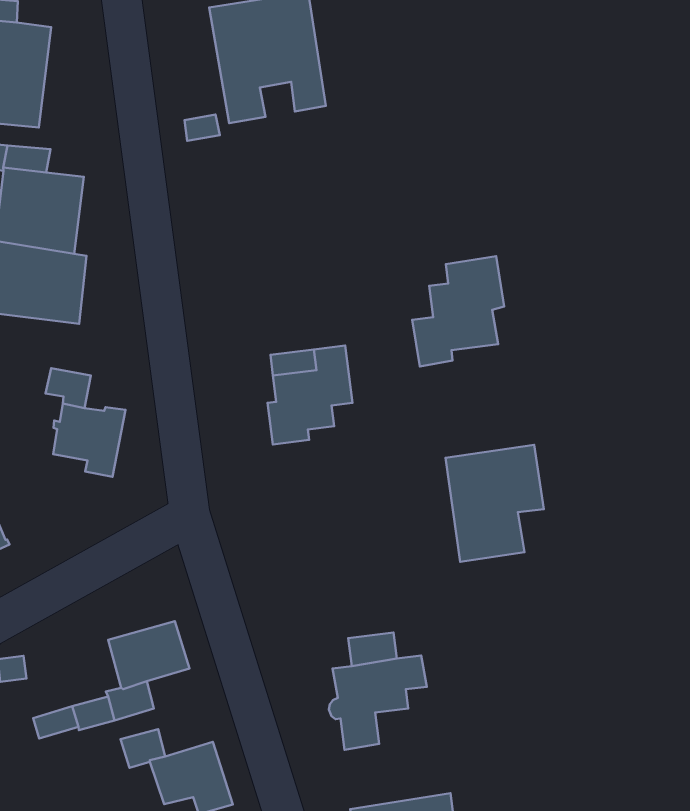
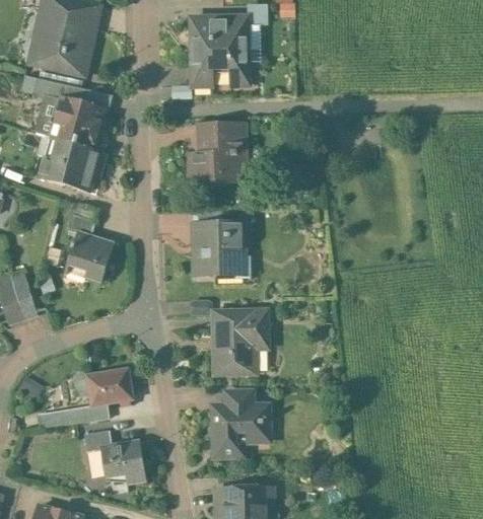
building: [412,256,504,366] -> [193,125,247,182]
building: [446,445,544,562] -> [214,311,267,373]

